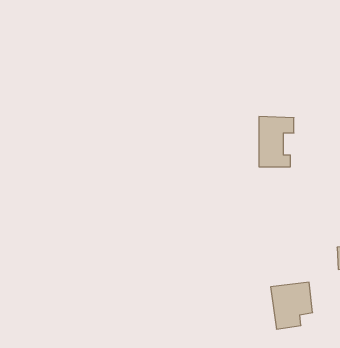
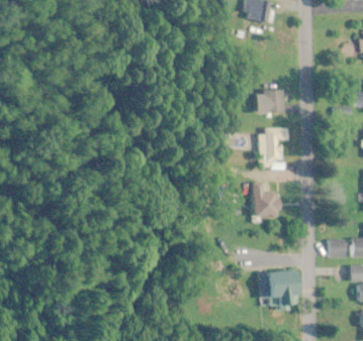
building: none -> [262,89,285,112]
building: none -> [251,183,280,216]

